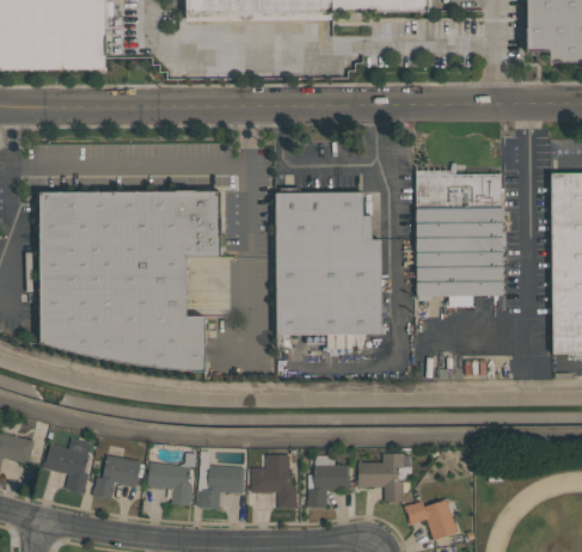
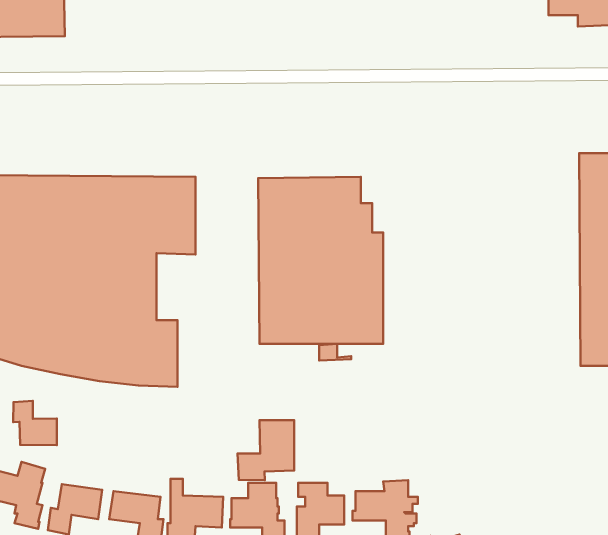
building: [417,168,503,307] -> none
building: none -> [13,401,57,445]
building: none -> [237,420,294,480]

